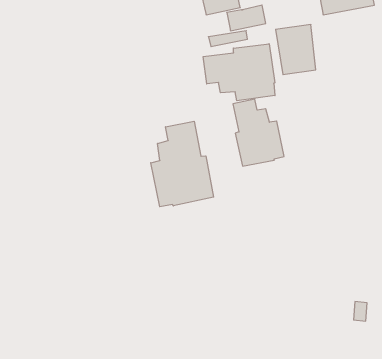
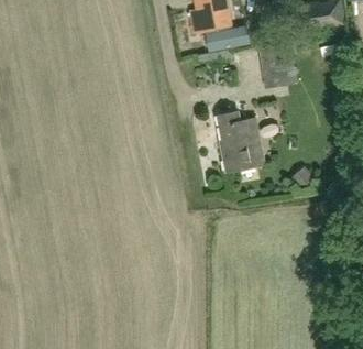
building: [203,44,275,101] -> none
building: [151,121,214,207] -> none

